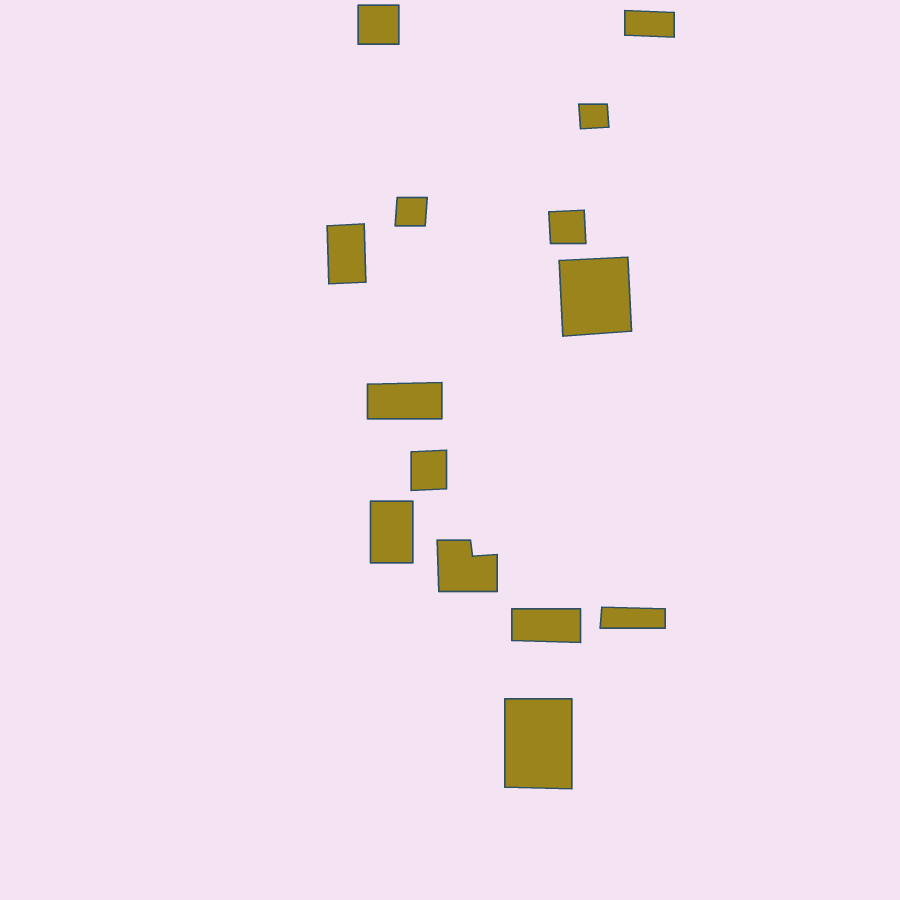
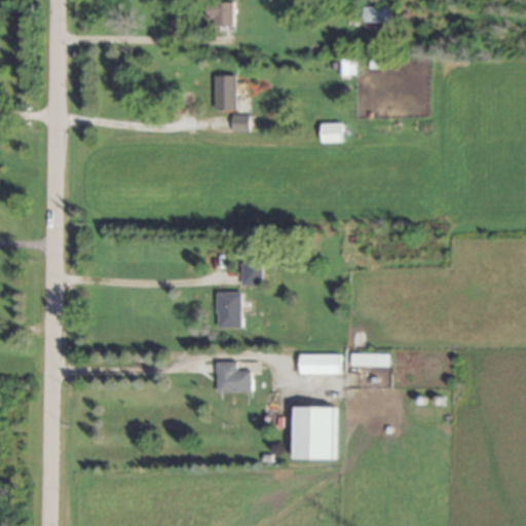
building: [327,224,366,284] -> [213,75,235,110]
building: [559,257,632,336] -> none
building: [367,382,442,419] -> none
building: [437,540,497,591] -> [215,362,250,391]

